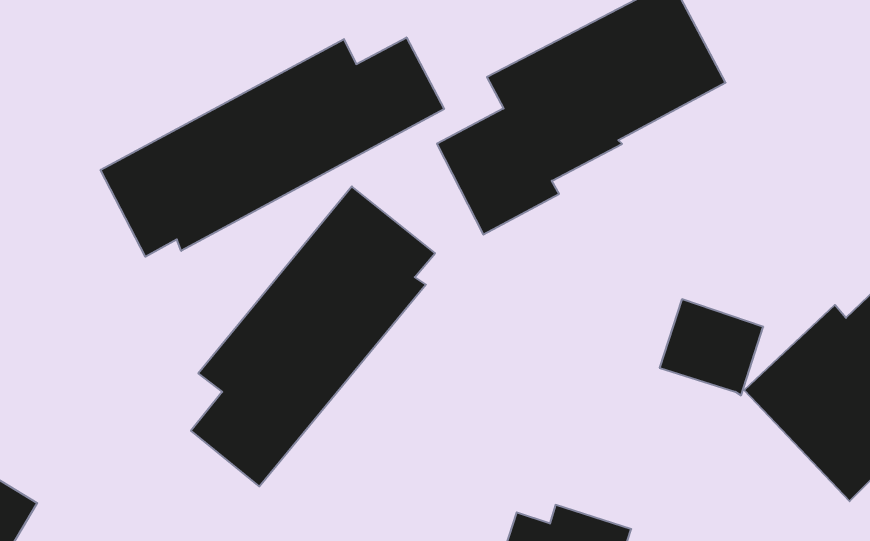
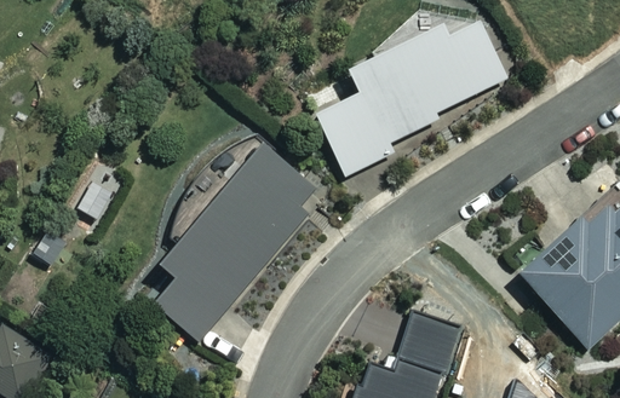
building: [101,37,444,257] -> none
building: [660,299,763,395] -> [394,308,461,371]

